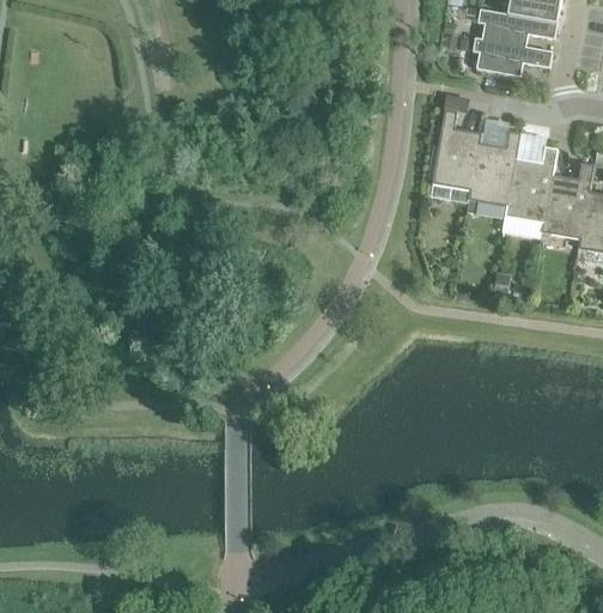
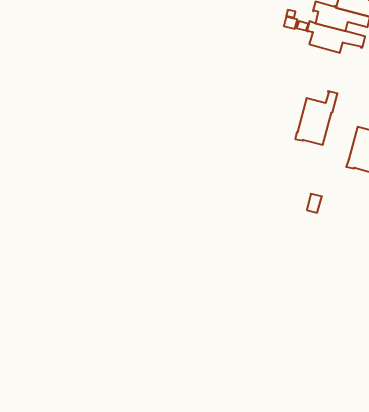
building: [431,108,481,189] -> none
building: [504,145,556,220] -> none

